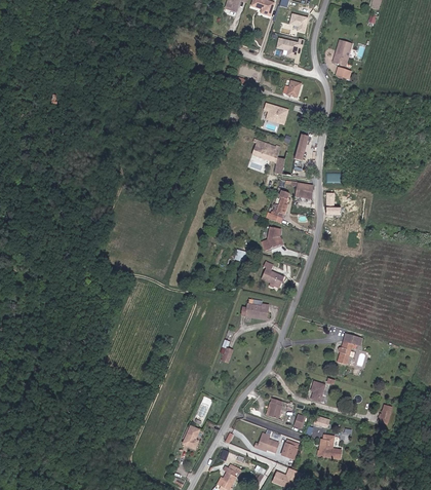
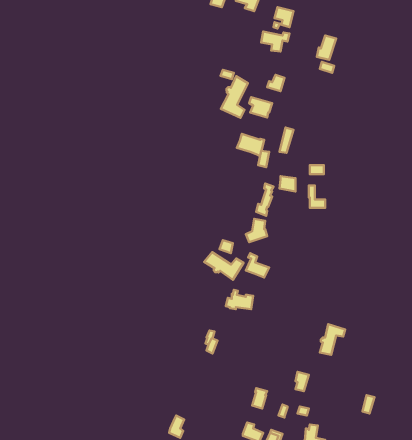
building: none -> [221,76,248,118]
building: none -> [204,252,243,280]

